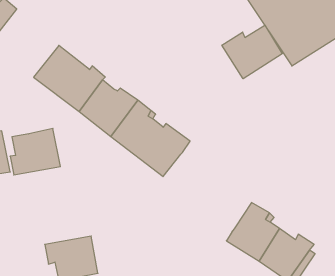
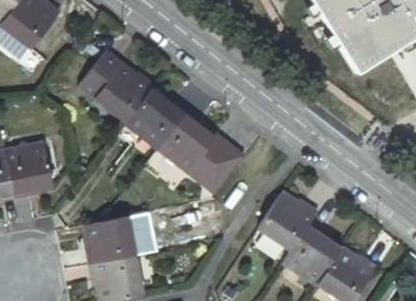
building: [222,25,282,79] -> none
building: [10,128,60,175] -> [86,216,140,266]
building: none -> [258,194,318,252]

